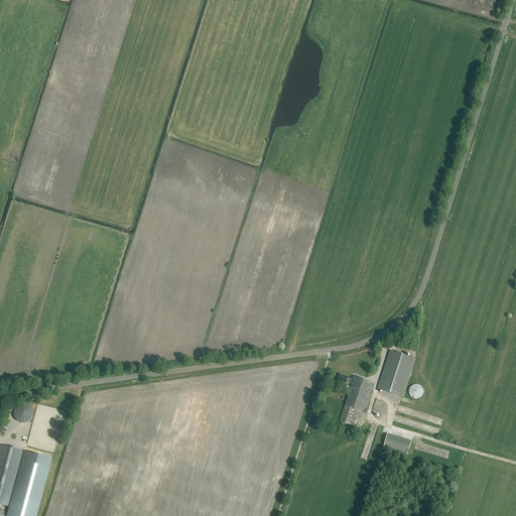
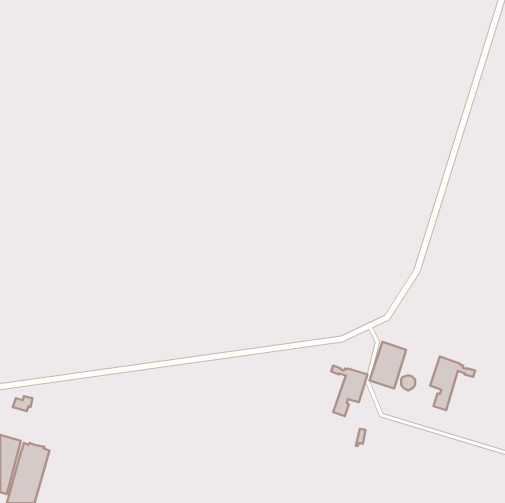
building: none -> [430,356,475,410]
building: [383,432,411,454] -> none

